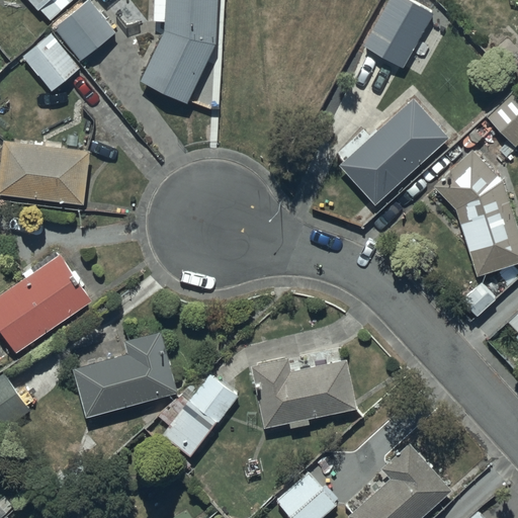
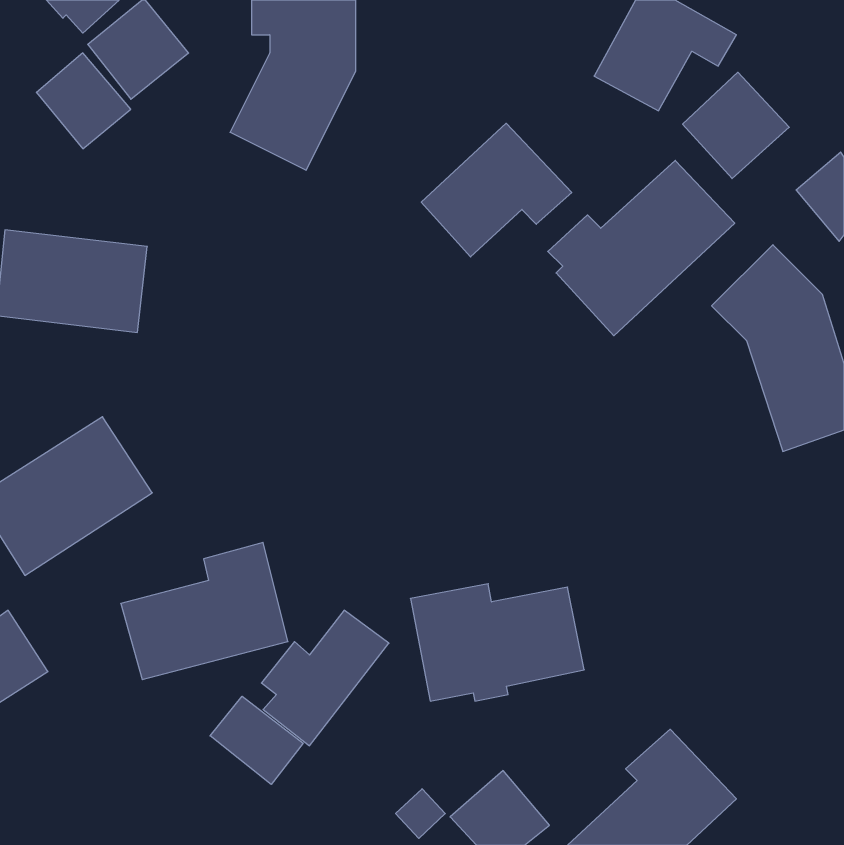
building: none -> [683,72,789,179]
building: none -> [421,123,572,257]
building: none -> [210,696,303,784]

